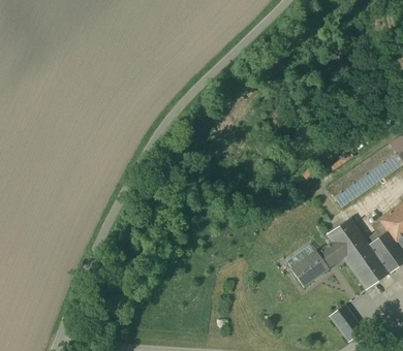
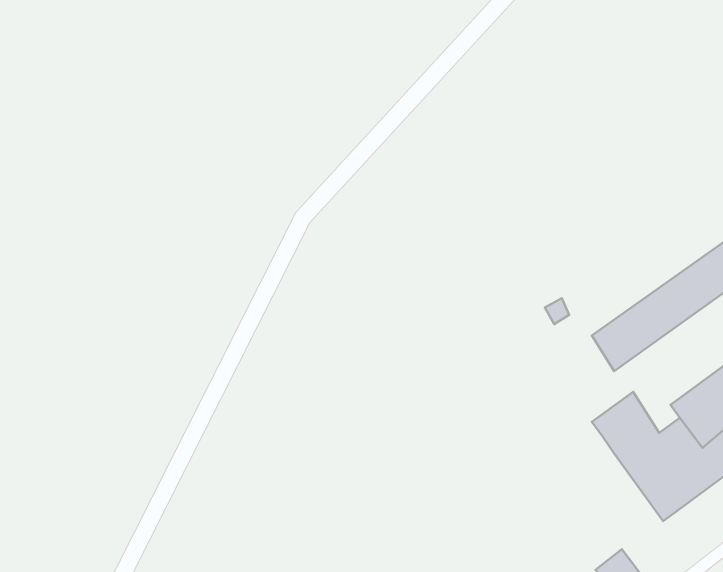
building: [292,243,341,287] -> none

